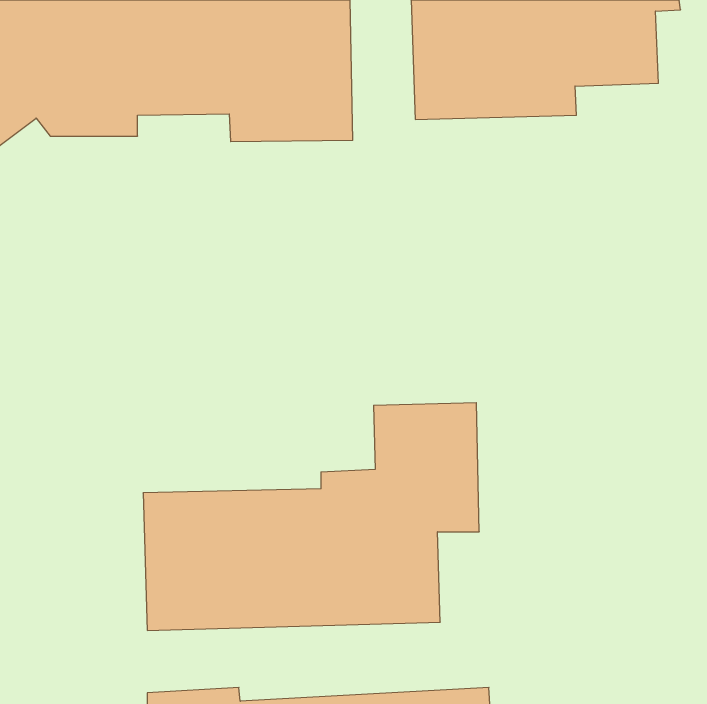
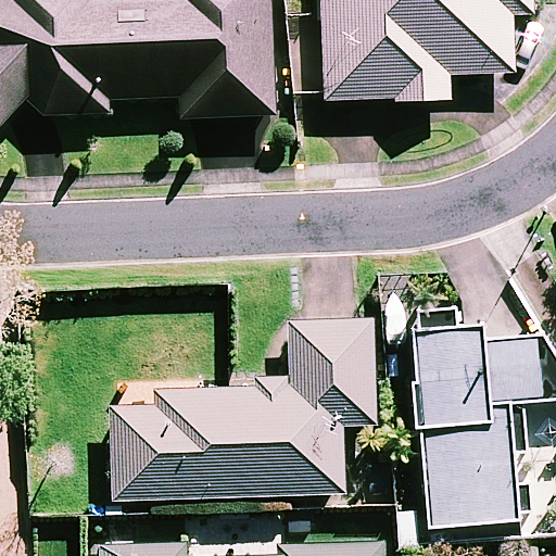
building: none -> [412,324,541,523]

